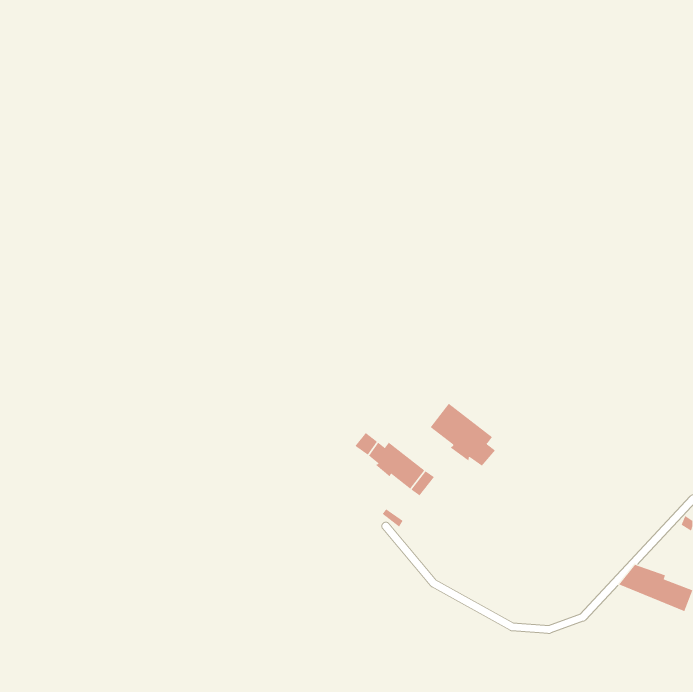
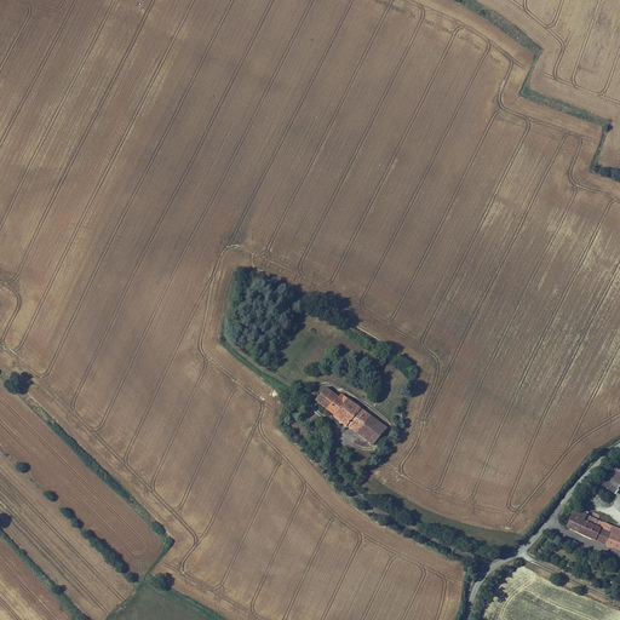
building: [430,403,496,466] -> none

